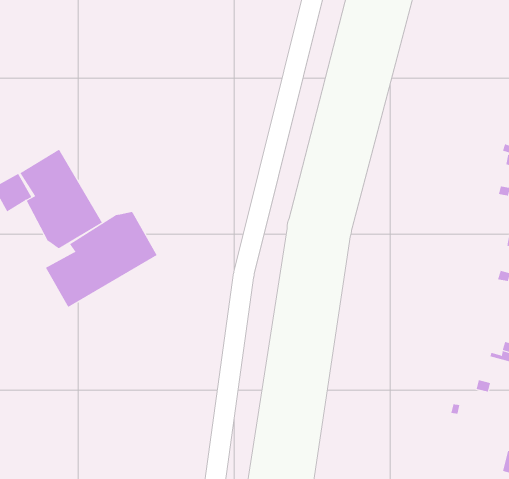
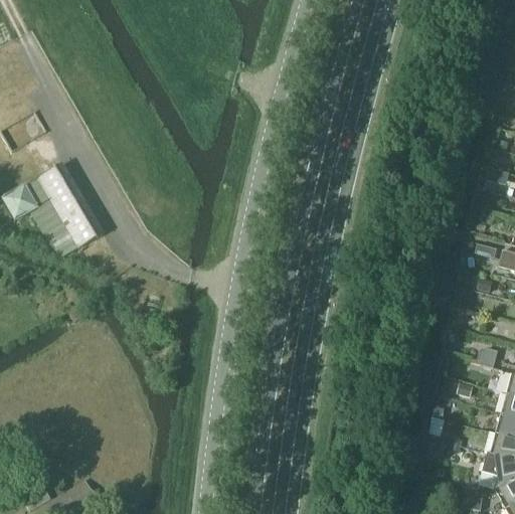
building: [45,211,158,308] -> none

